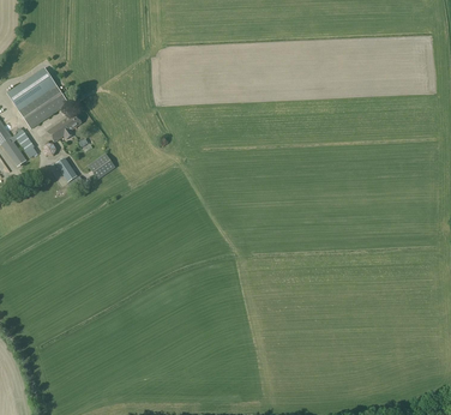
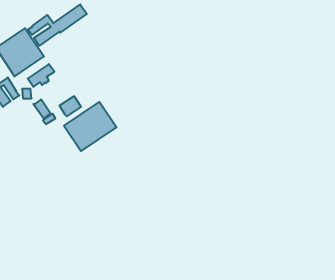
building: none -> [28,4,87,46]
building: none -> [64,102,116,151]

